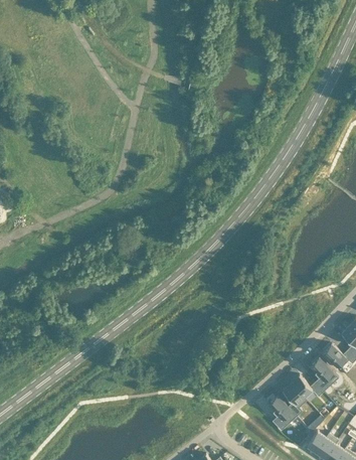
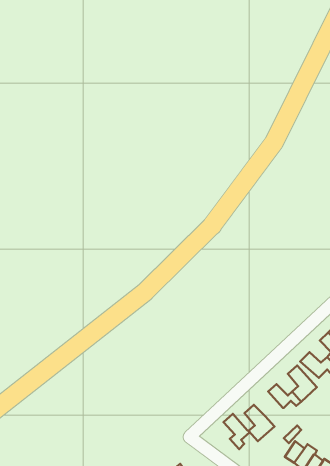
building: [281,384,306,418] -> [224,414,249,449]

